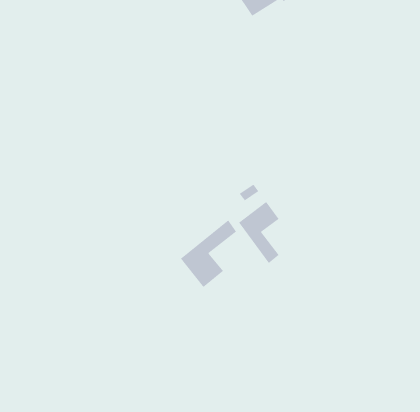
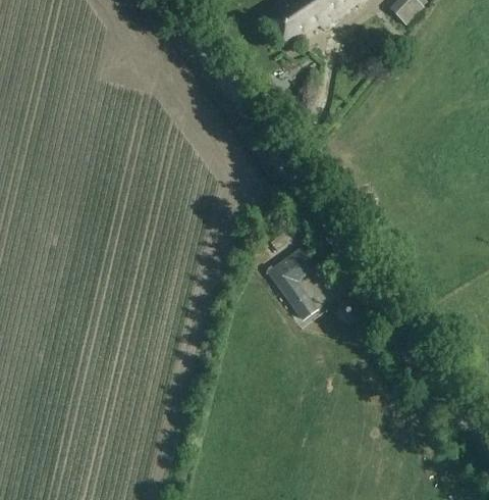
building: [179,219,237,288] -> none

